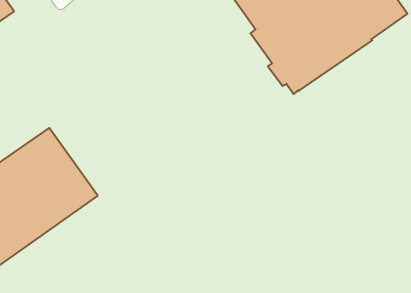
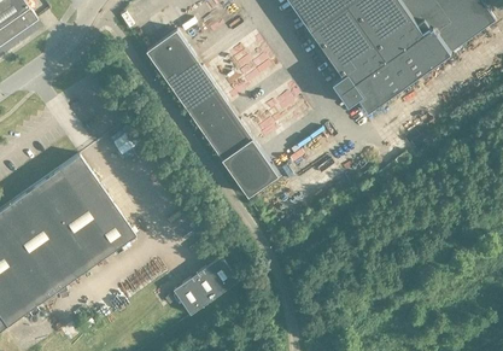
building: none -> [146,30,279,197]
building: none -> [174,257,239,315]

